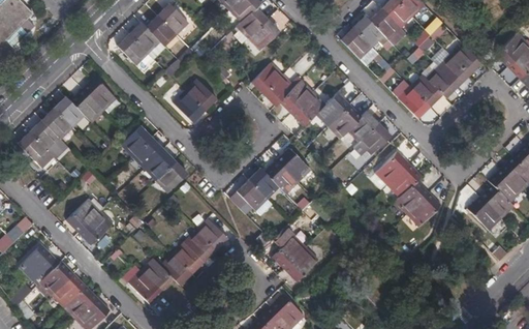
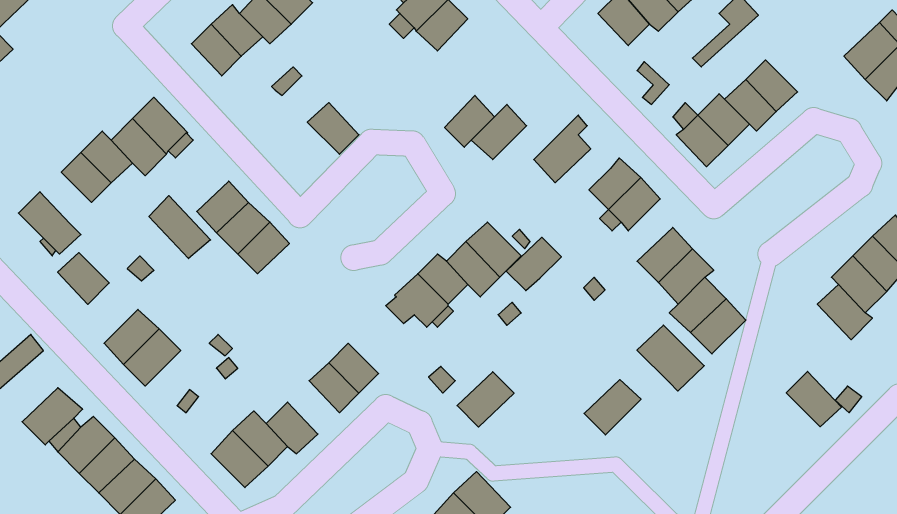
building: [342,29,371,59] -> none
building: [450,44,480,74] -> none
building: [252,64,282,95] -> none
building: [173,92,204,122] -> none
building: [292,94,324,126] -> none
building: [329,108,361,139] -> [506,237,561,291]
building: [30,121,60,151] -> [58,253,109,304]
building: none -> [149,196,211,259]
building: [156,162,187,192] -> none
building: [468,198,500,230] -> [786,371,841,427]
building: none -> [637,325,704,391]
building: [174,242,204,273] -> none
building: [284,249,317,281] -> [584,380,641,435]

